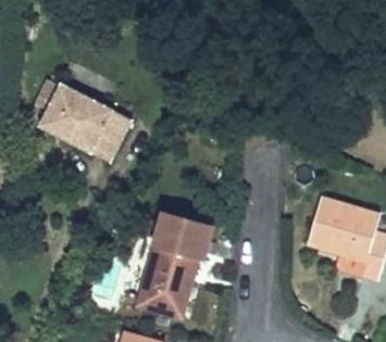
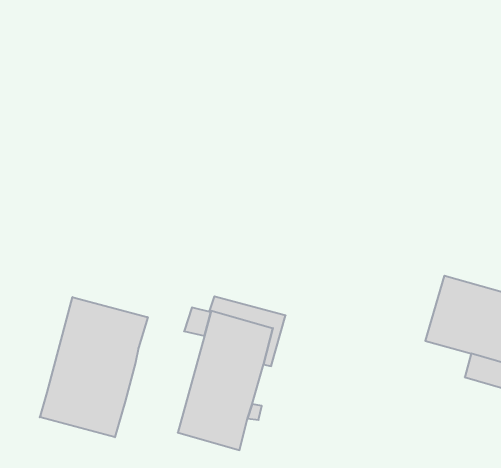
building: [39,83,133,162] -> none
building: none -> [40,297,148,437]

